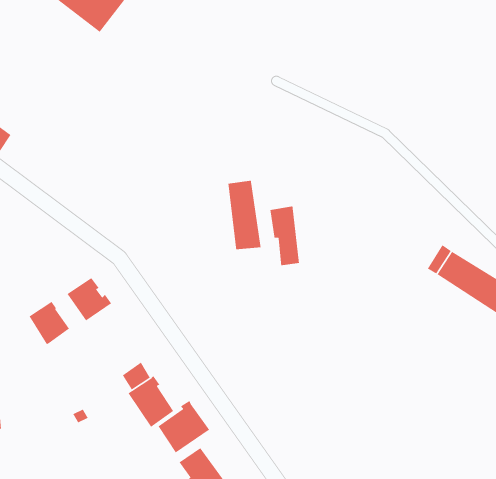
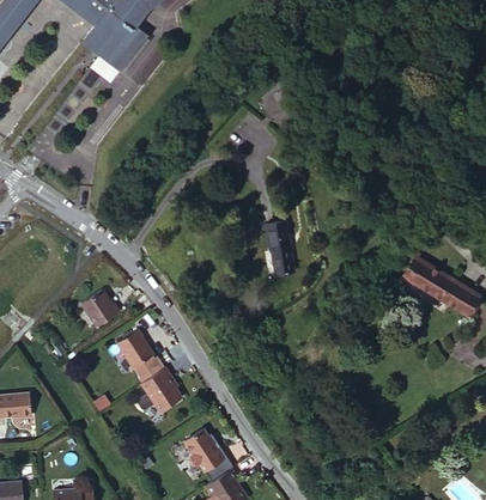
building: [228,180,262,250] -> none
building: [29,301,70,345] -> [120,333,156,371]
building: [157,400,210,453] -> none

